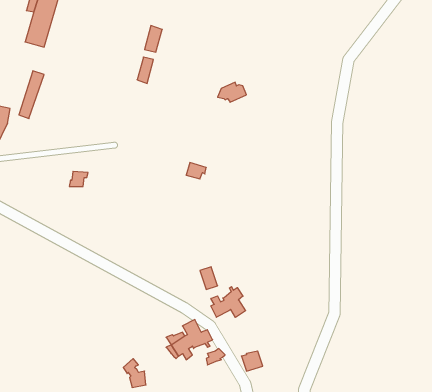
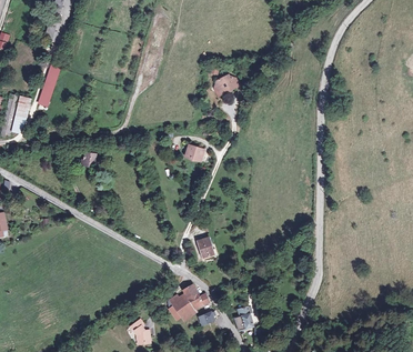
building: [211,287,246,317] -> none

